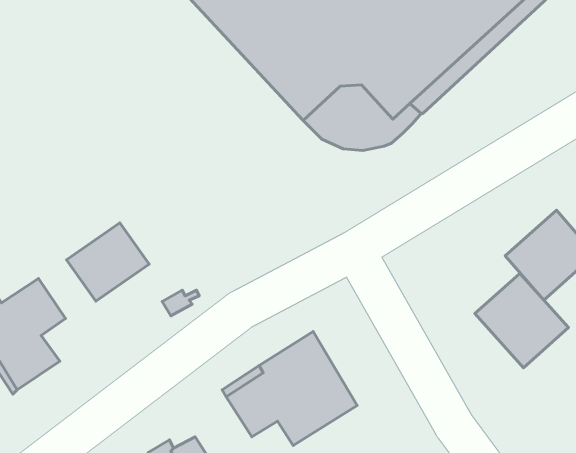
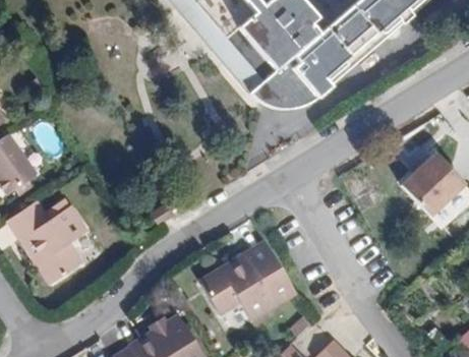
building: [66,223,149,301] -> none
building: [475,273,569,368] -> none

